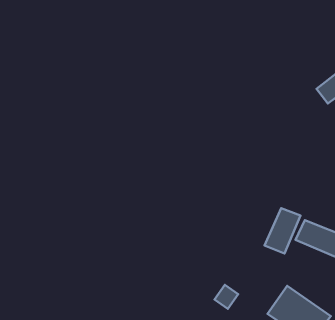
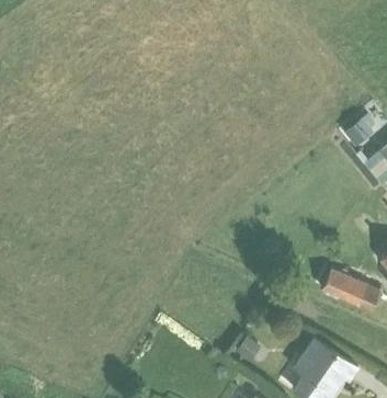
building: [265,208,301,253] -> none

